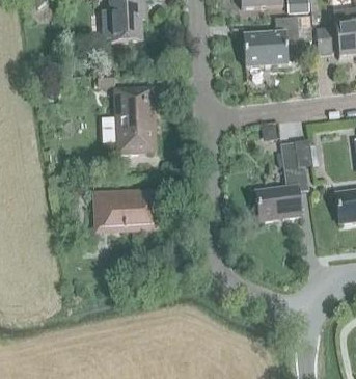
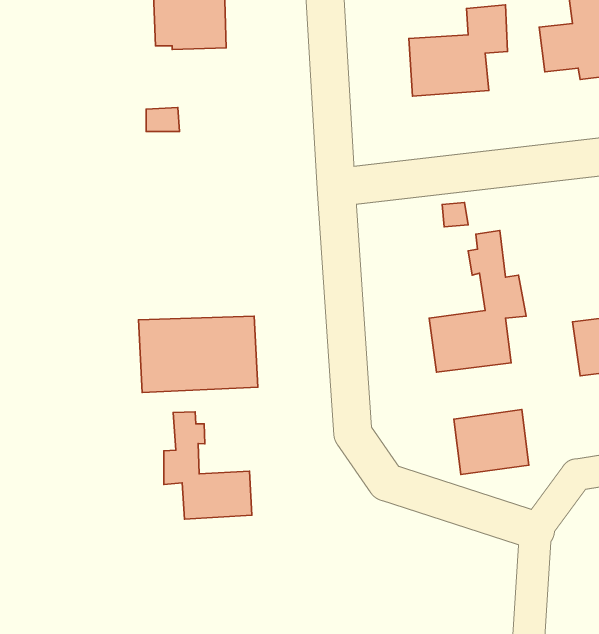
building: [102,87,157,154] -> none
building: none -> [454,410,529,475]
building: none -> [164,412,252,519]

